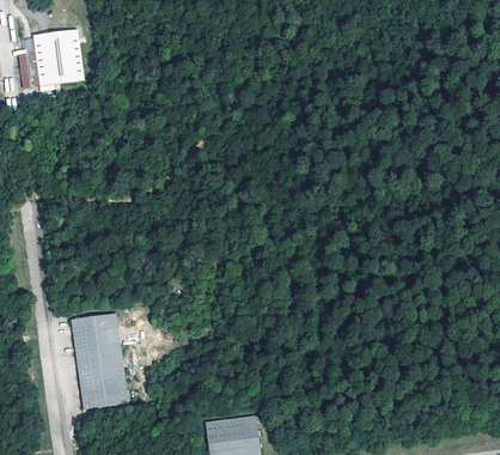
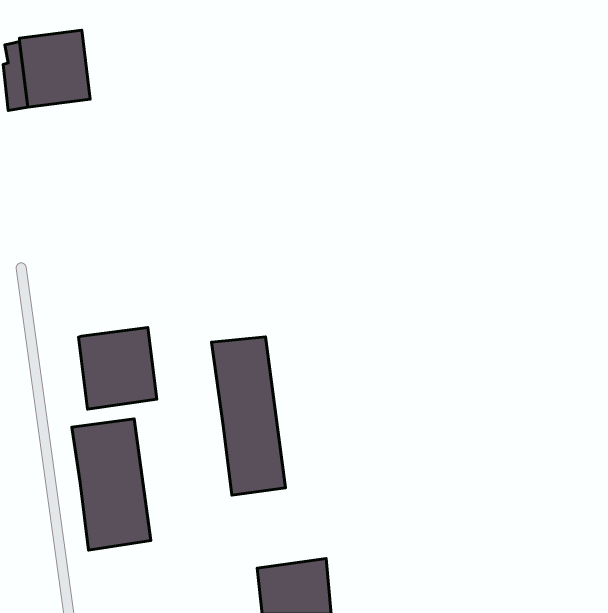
building: none -> [78,327,157,409]
building: none -> [212,337,286,495]

